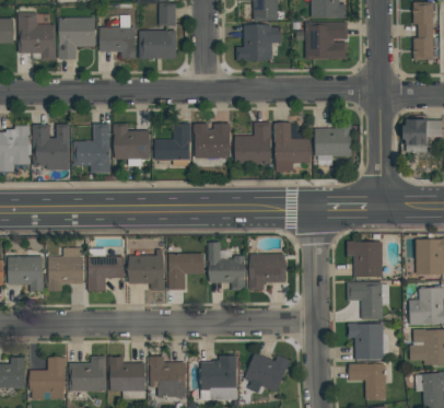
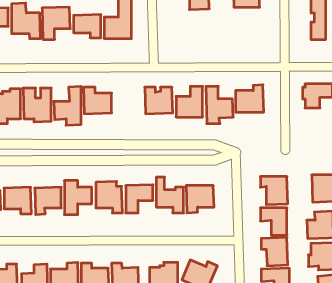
building: [305,23,347,59] -> none
building: [236,25,281,60] -> none
building: [154,123,190,161] -> none

